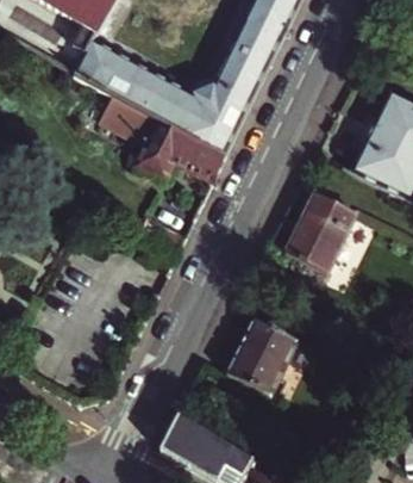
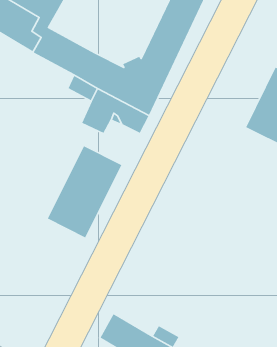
building: [286,191,356,271] -> none
building: none -> [47,145,123,239]
building: [227,315,295,390] -> none

